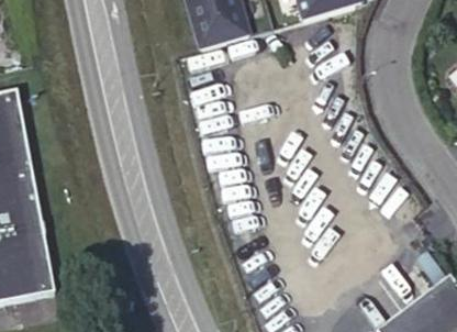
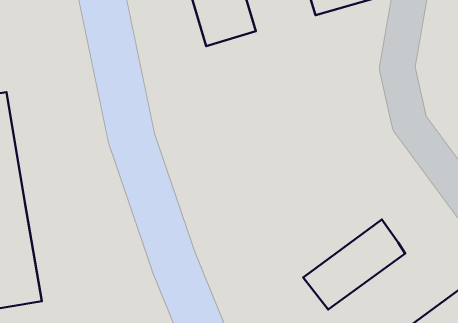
building: none -> [303,220,405,310]

